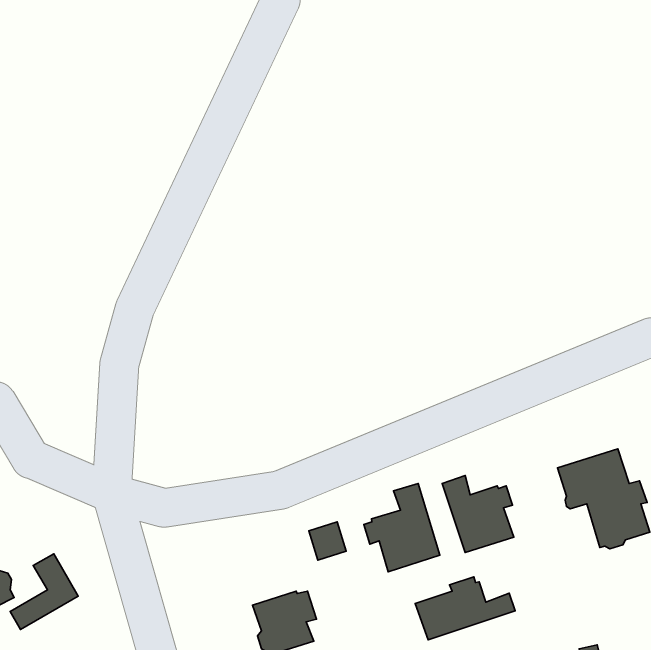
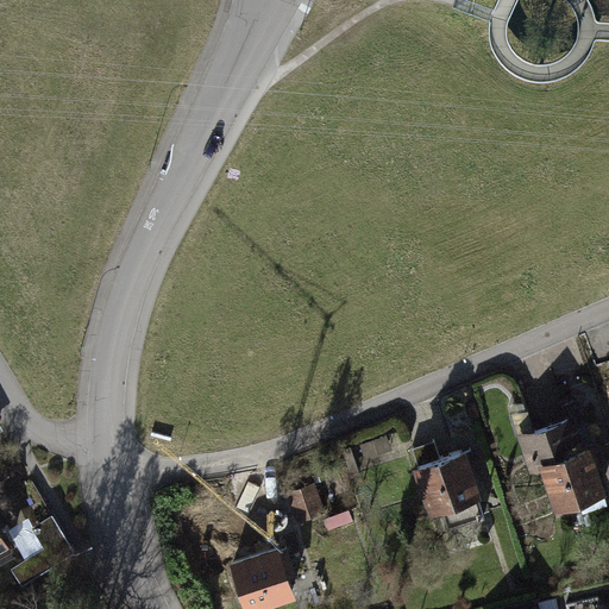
building: [364,483,440,572] -> none
building: [415,577,515,640] -> none

